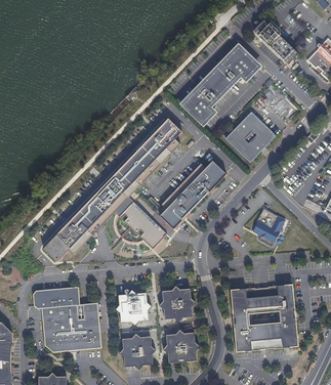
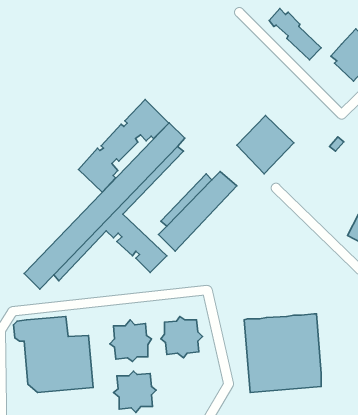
building: [180,45,258,125] -> [79,99,169,192]
building: [252,206,285,241] -> none
building: [163,328,199,363] -> none

